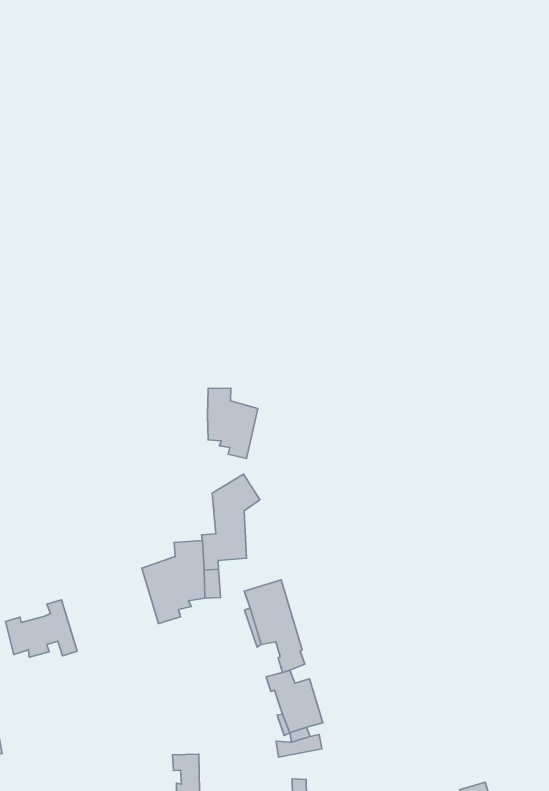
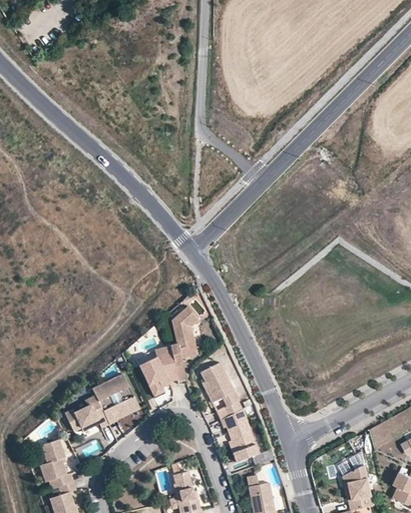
building: [208,388,258,458] -> none
building: none -> [93,374,141,423]

